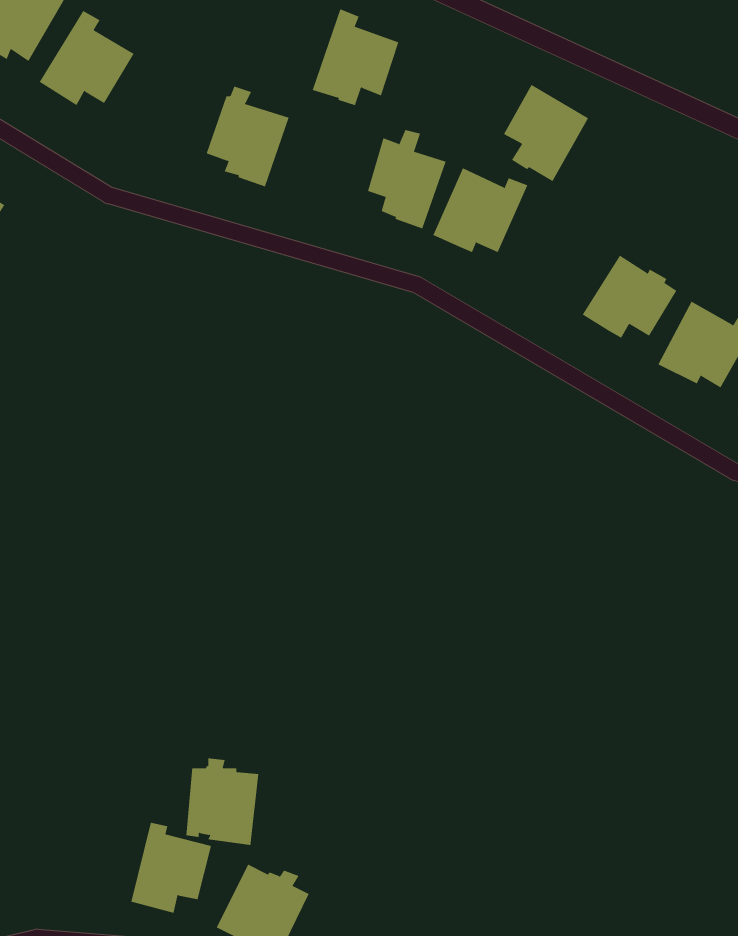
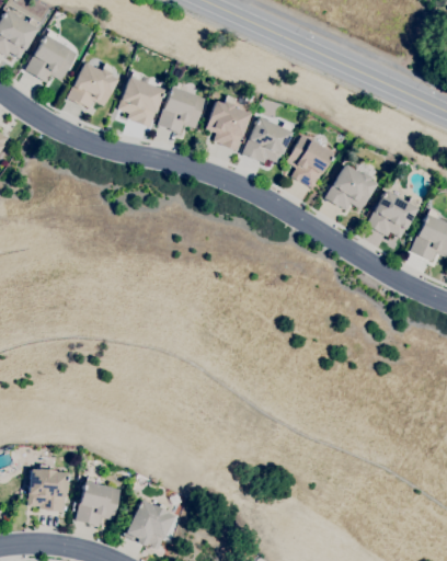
building: [312,8,399,106] -> [158,80,206,134]
building: none -> [67,61,118,110]
building: [503,84,589,182] -> [287,135,334,188]
building: [186,758,259,845] -> [28,463,69,512]

